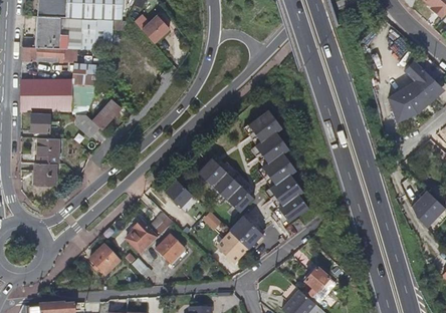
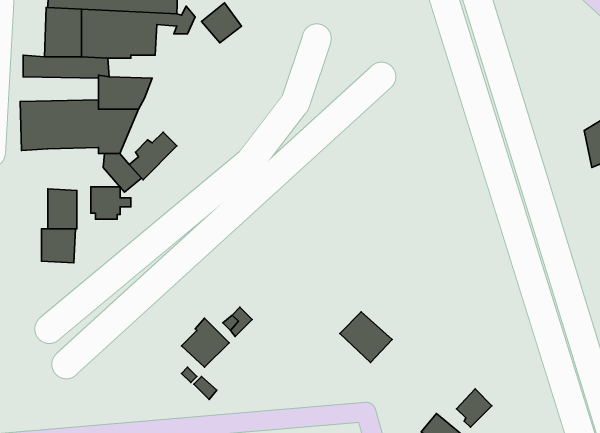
building: [242,108,308,224] -> none
building: [31,113,57,134] -> [91,187,131,219]
building: [197,159,253,213] -> none
building: [165,180,192,207] -> none
building: [157,231,187,263] -> none
building: [215,231,248,264] -> none
building: [90,245,121,275] -> none

